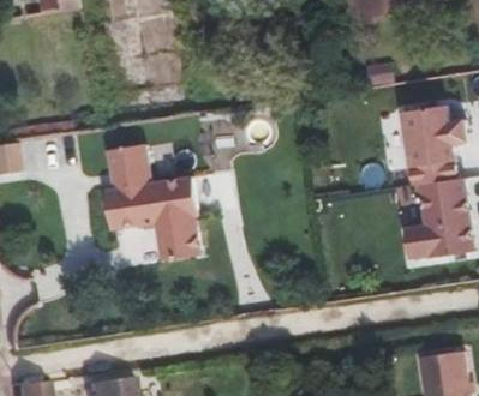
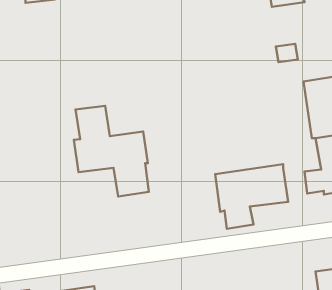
building: none -> [215,164,288,229]

